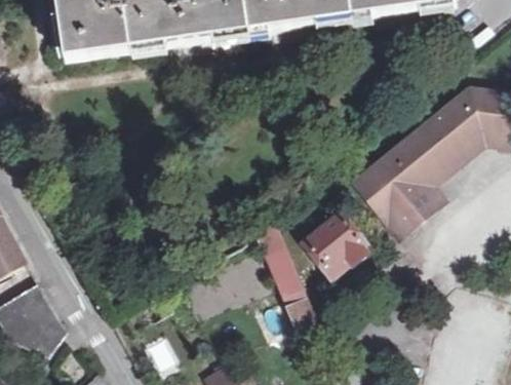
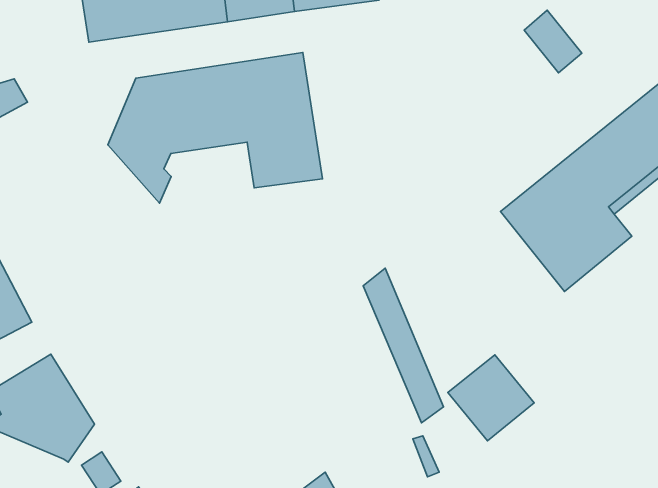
building: none -> [524,10,582,73]
building: none -> [108,53,322,203]
building: [306,214,366,274] -> [448,355,534,441]

